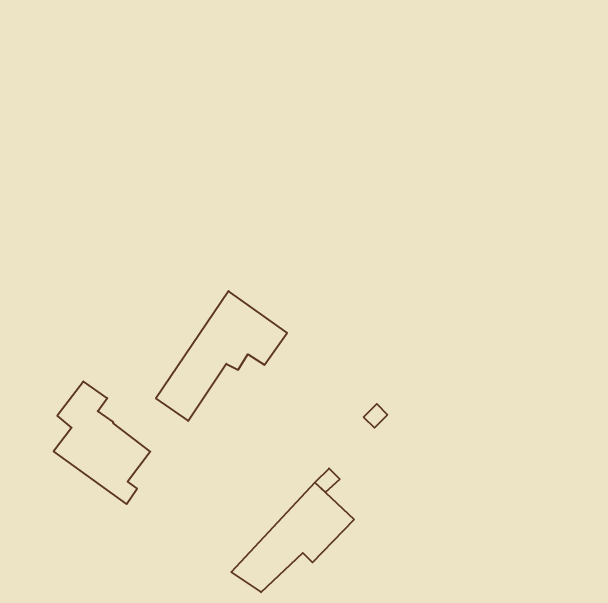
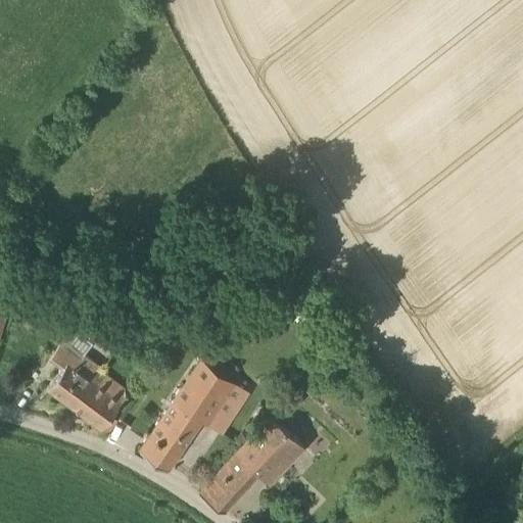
building: [156,291,287,421] -> [140,362,252,473]

